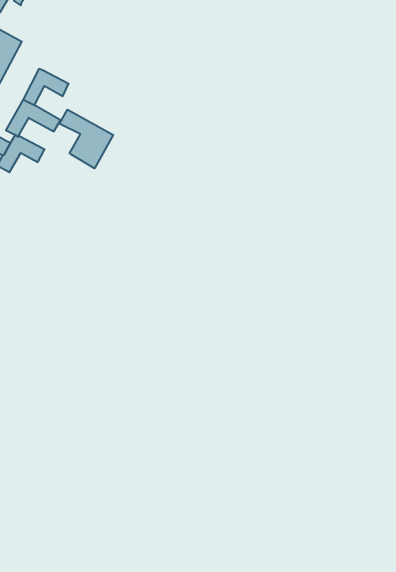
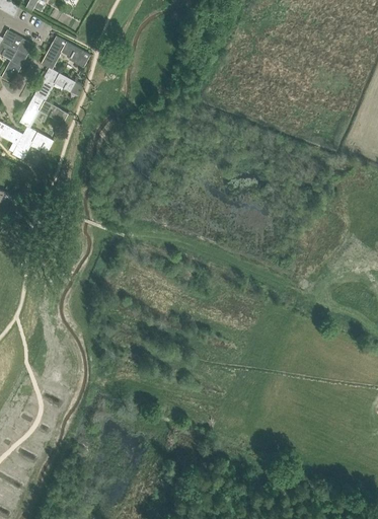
building: none -> [41,35,89,69]
building: [60,110,113,168] -> none

